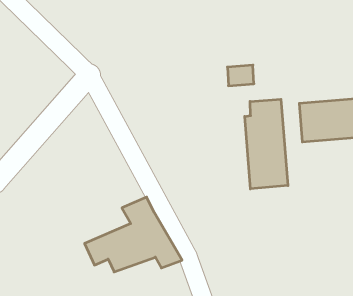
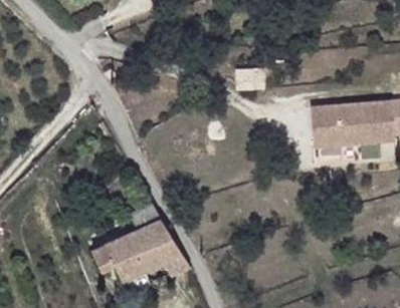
building: [245,99,288,189] -> none

